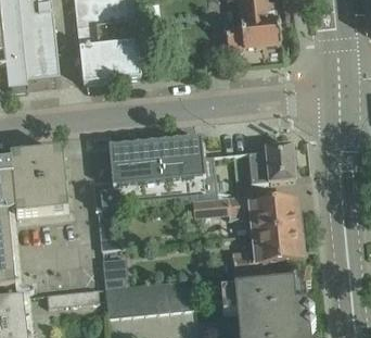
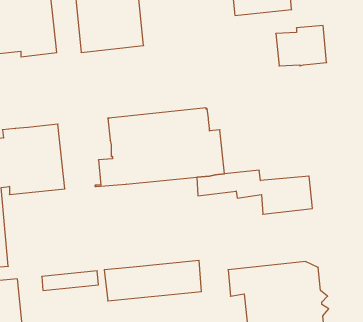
building: [246,142,294,180] -> [276,26,327,66]
building: [232,228,302,273] -> none
building: [102,255,128,286] -> none

